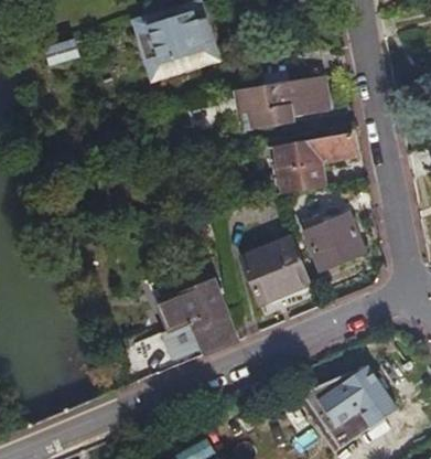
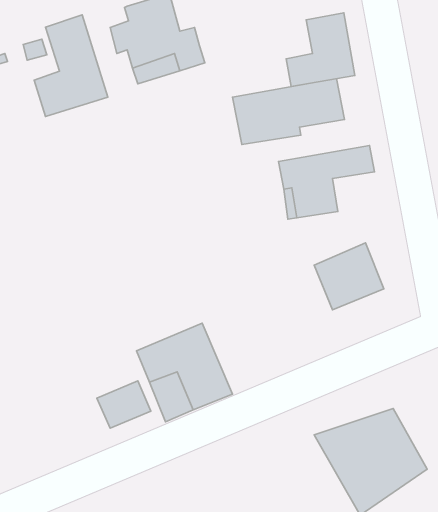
building: none -> [286,13,355,87]
building: none -> [34,15,108,116]
building: [241,235,312,303] -> none

